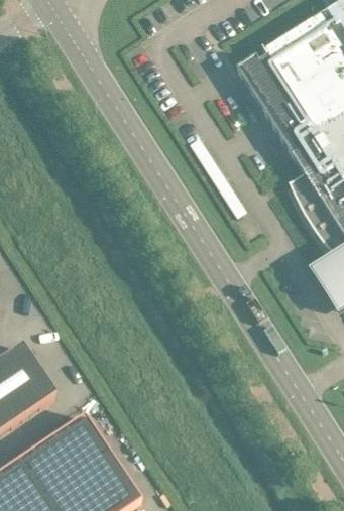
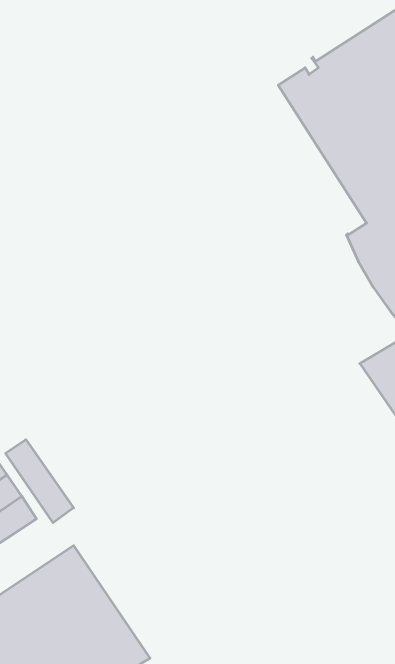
building: none -> [6,440,74,523]

